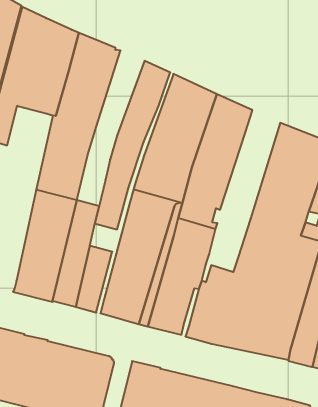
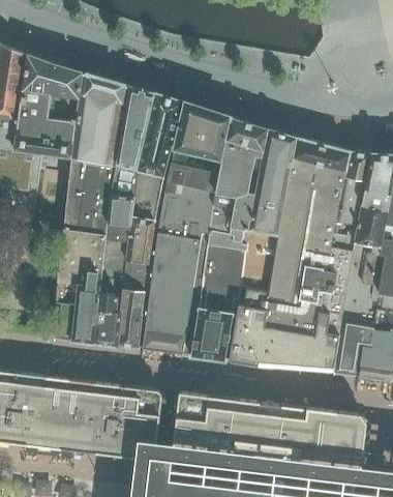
building: none -> [104,87,154,243]
building: none -> [240,130,295,292]
building: none -> [123,261,148,287]

